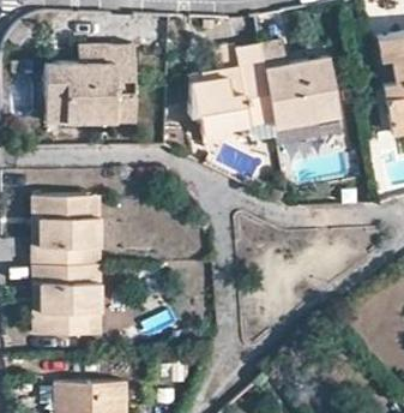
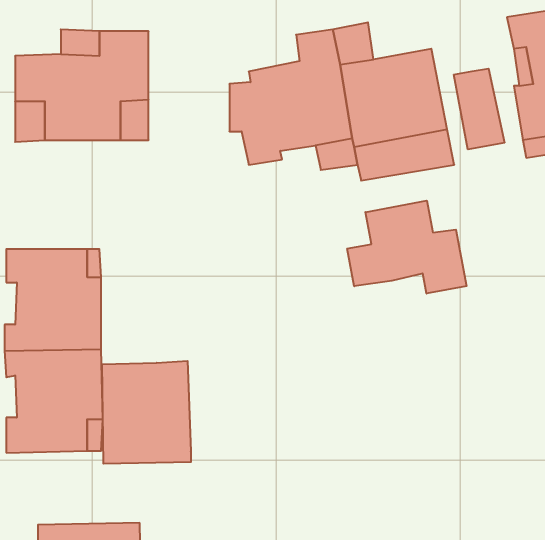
building: none -> [454,69,504,149]
building: none -> [347,201,467,294]
building: none -> [102,361,191,464]

